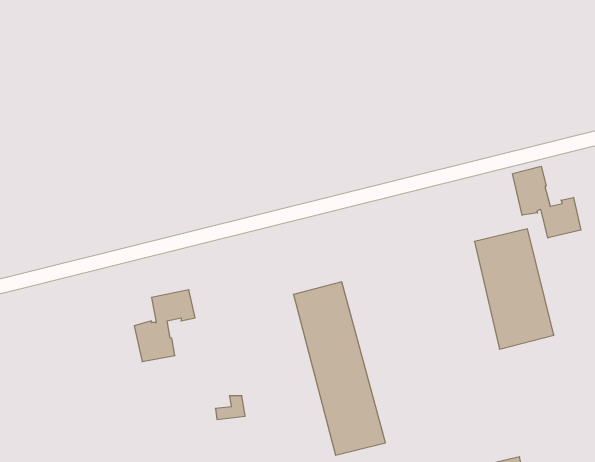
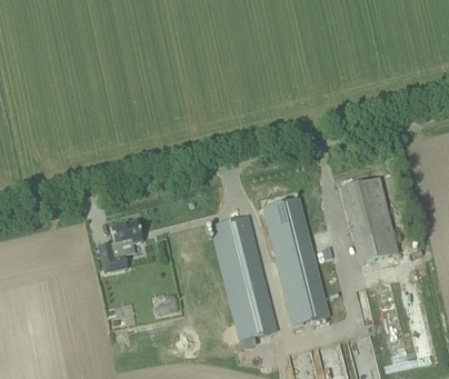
building: [513,166,581,238] -> none
building: none -> [263,198,330,326]

